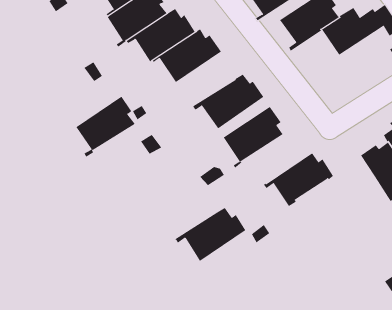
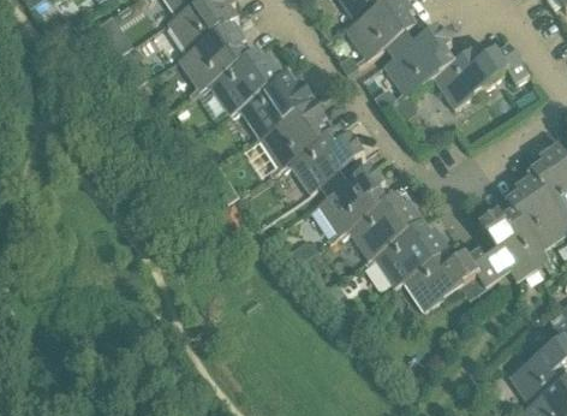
building: [76,96,135,158] -> [258,99,329,172]
building: none -> [401,245,497,308]
building: [175,207,246,262] -> [336,191,422,256]

